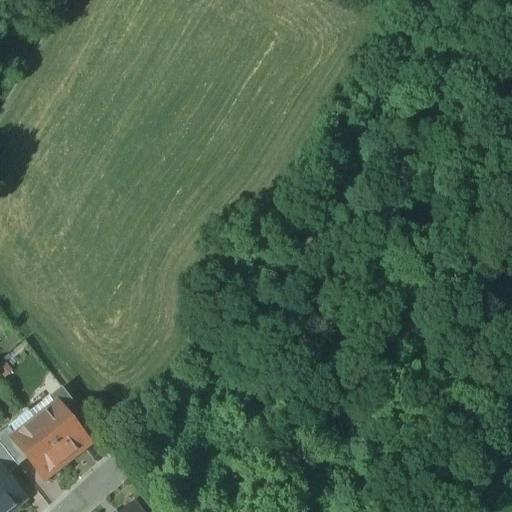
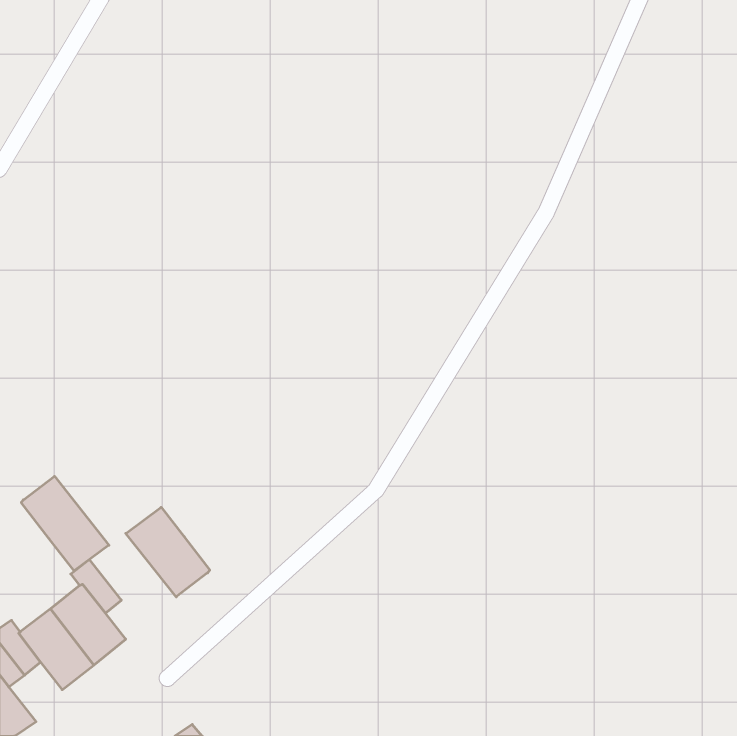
building: none -> [21,476,109,571]
building: none -> [126,507,210,597]

